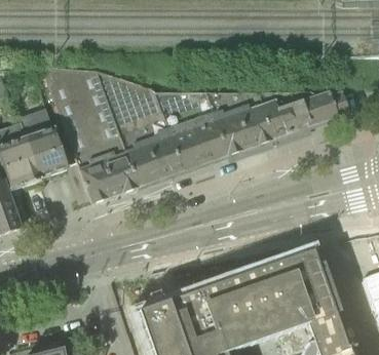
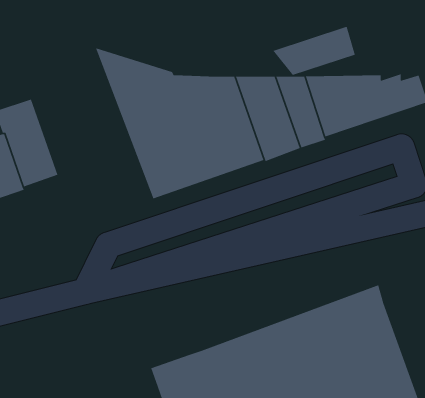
building: none -> [272,26,356,76]
building: [45,66,141,203] -> none

